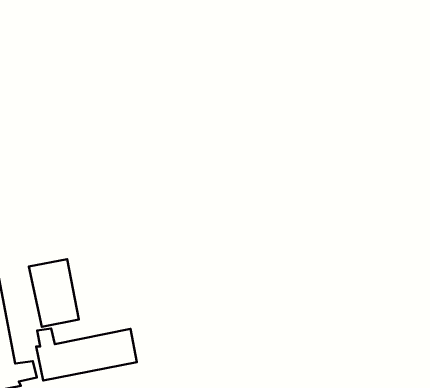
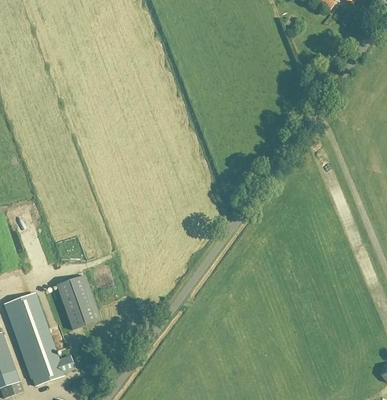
building: [36,329,137,380] -> none

